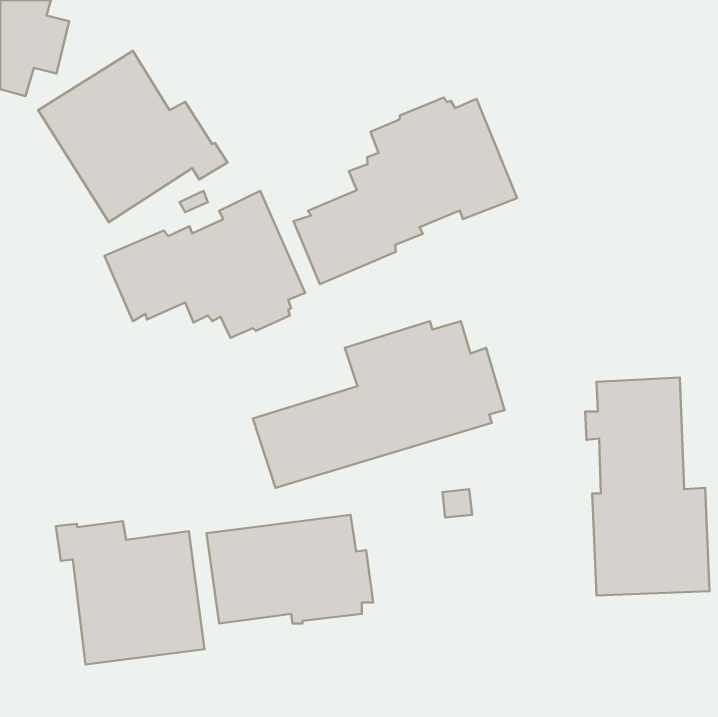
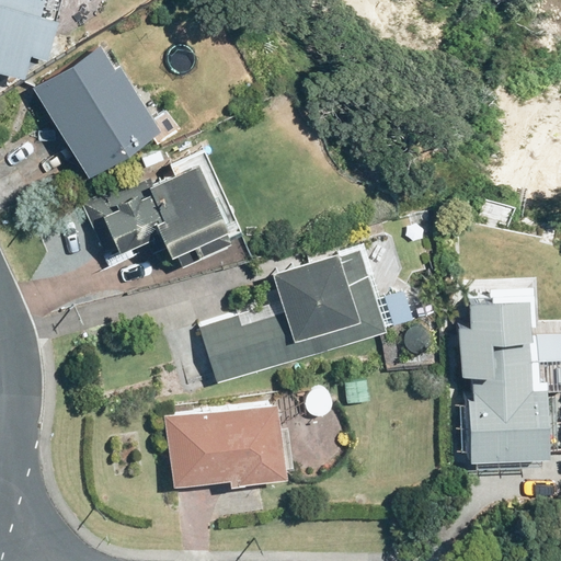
building: [293,98,517,284] -> none
building: [56,521,204,664] -> none

